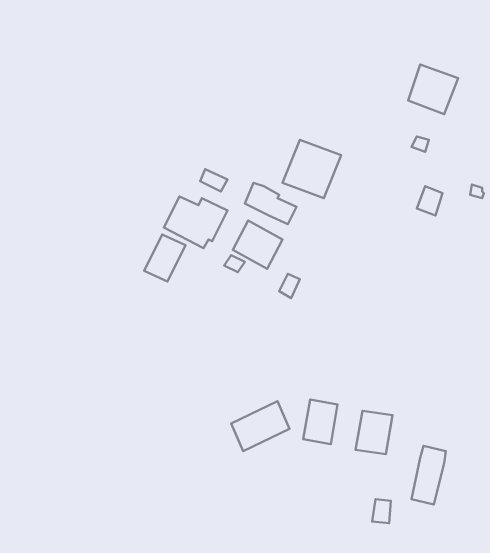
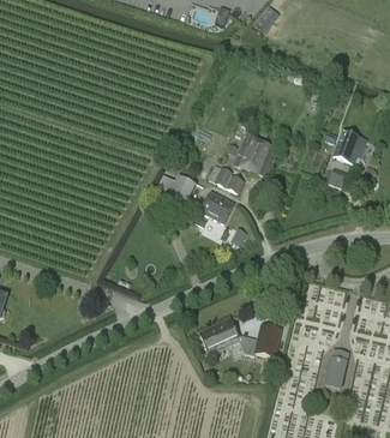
building: [408,64,458,114] -> [332,130,367,164]
building: [144,235,185,282] -> none
building: [356,411,393,454] -> none

